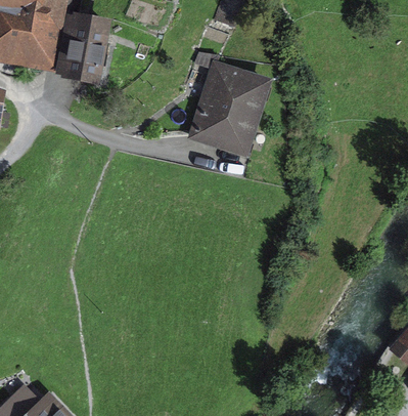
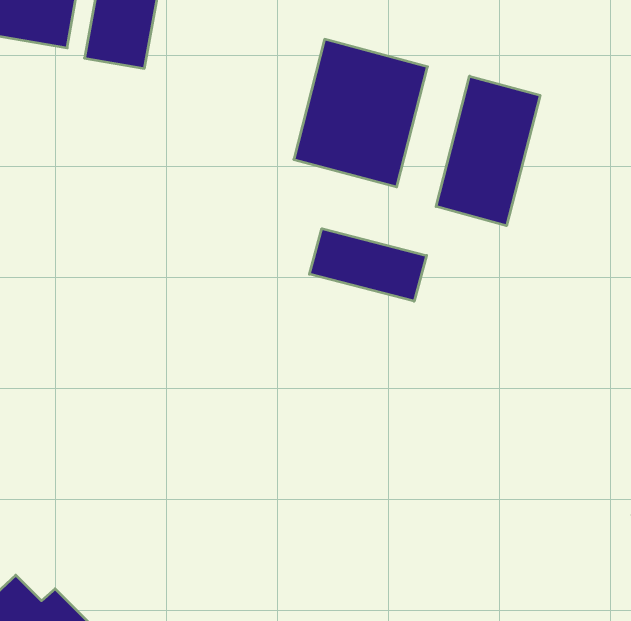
building: none -> [436,76,540,226]
building: none -> [309,229,427,301]

